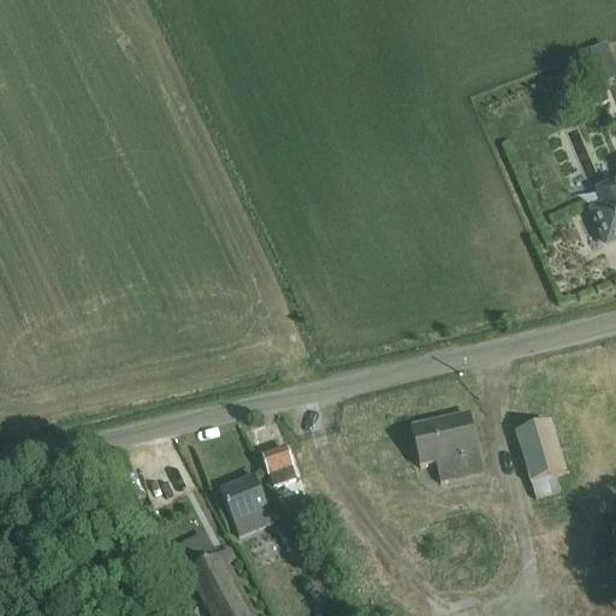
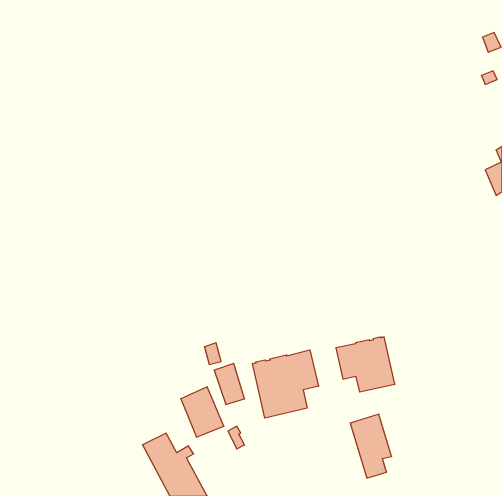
building: [516,419,567,497] -> [350,414,392,478]
building: none -> [252,350,319,418]

